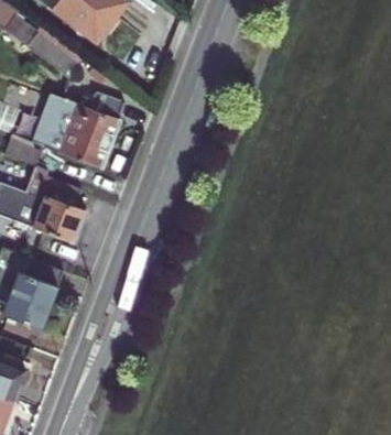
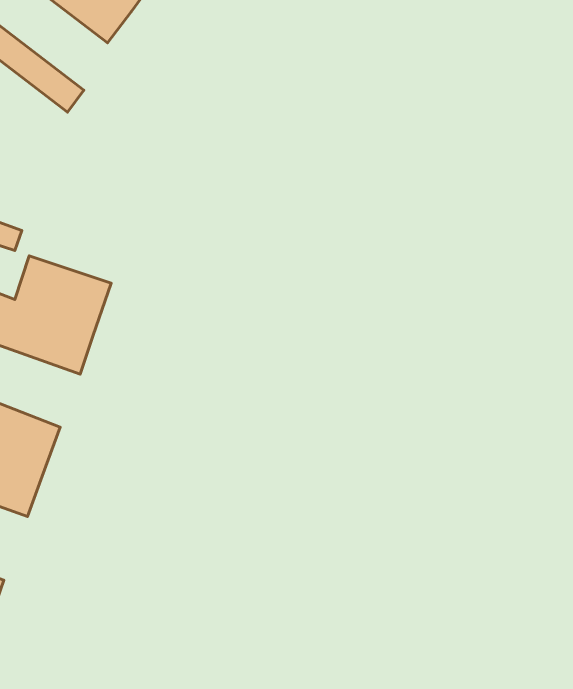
building: [36,97,119,167] -> none

